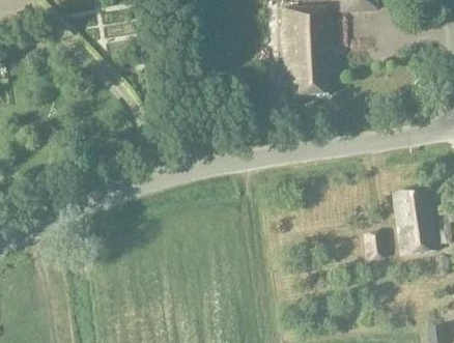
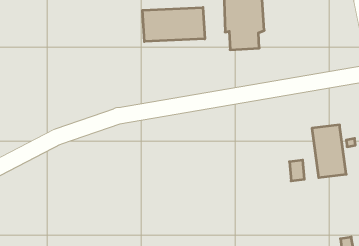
building: none -> [143,7,205,42]

